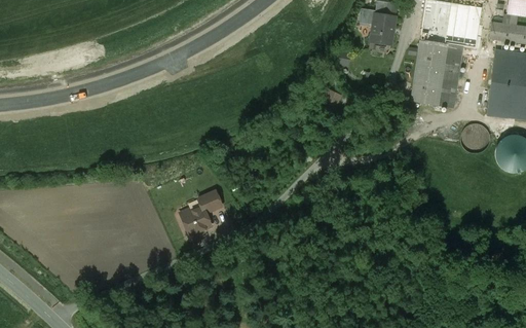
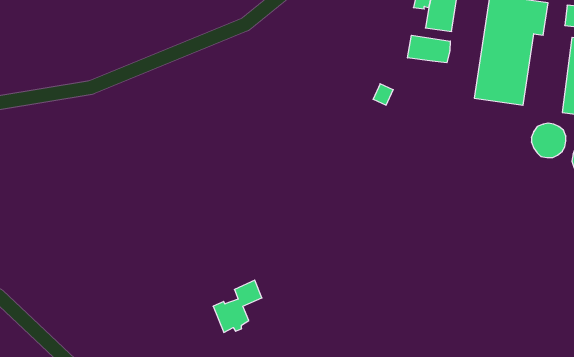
building: none -> [408,35,450,63]
building: [180,190,222,235] -> [213,280,262,332]

